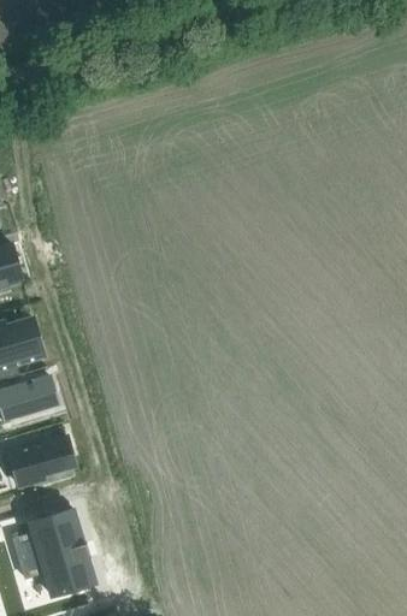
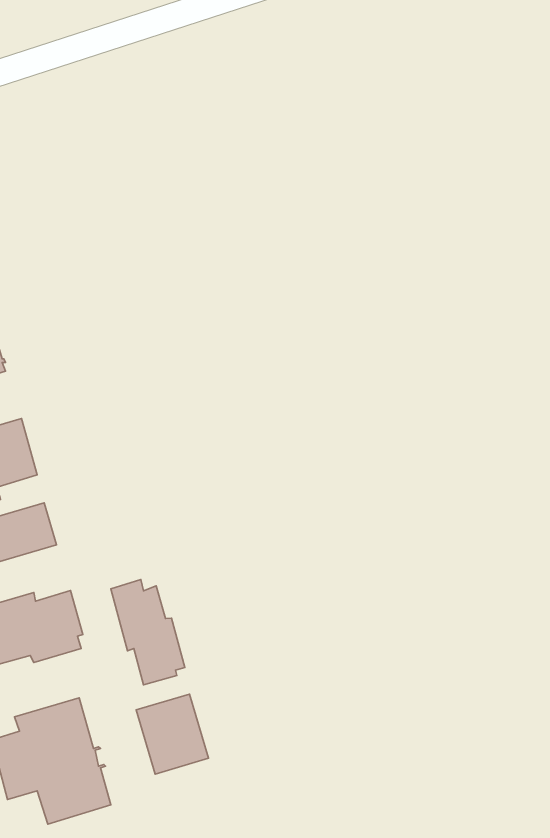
building: none -> [111,580,185,685]
building: none -> [136,694,208,774]

